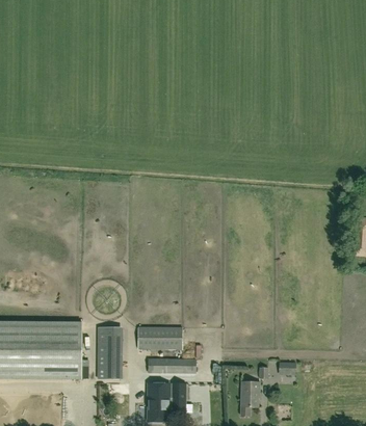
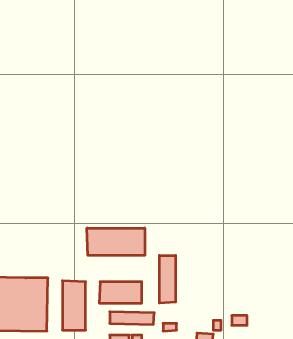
building: none -> [87,228,145,255]
building: none -> [159,255,176,303]

